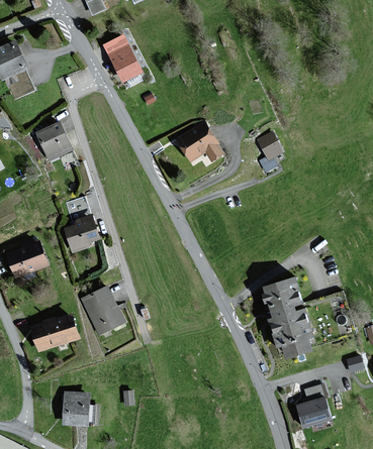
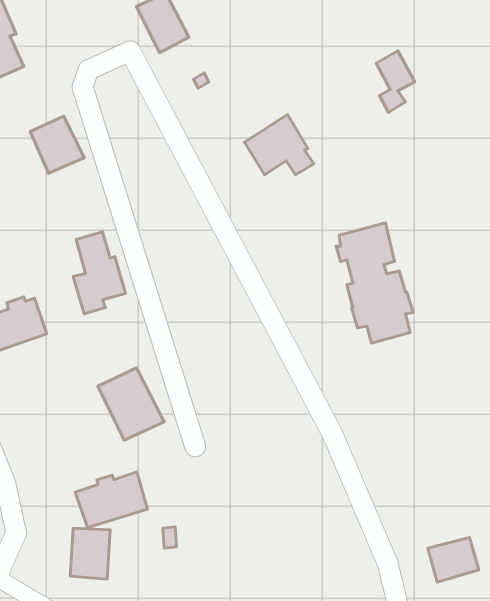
building: [257,131,282,172] -> [376,51,415,113]
building: [263,277,313,356] -> [336,223,413,343]
building: [30,314,78,350] -> [75,472,148,528]

